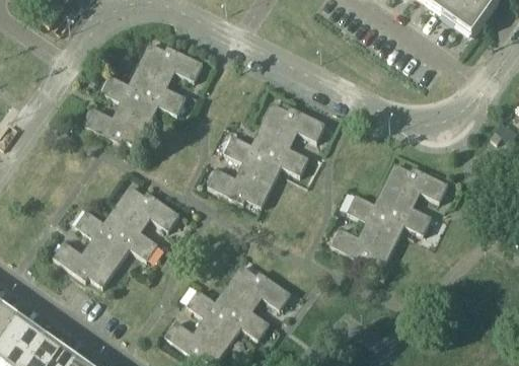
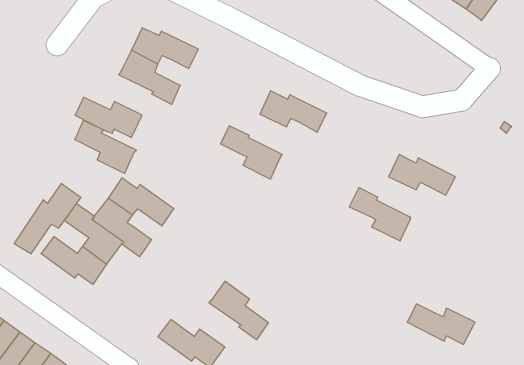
building: [101,74,160,125] -> [75,120,136,174]
building: [250,124,308,174] -> none
building: [208,167,272,206] -> none
building: [373,184,432,234] -> none
building: none -> [14,183,81,254]
building: [330,227,395,266] -> [407,304,475,344]
building: [228,264,291,309] -> none
building: [187,289,243,346] -> none

